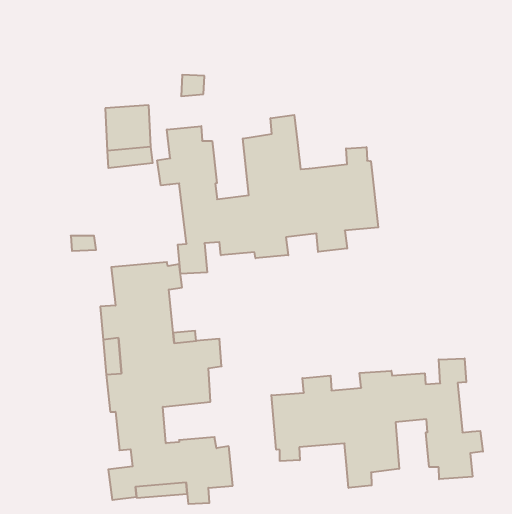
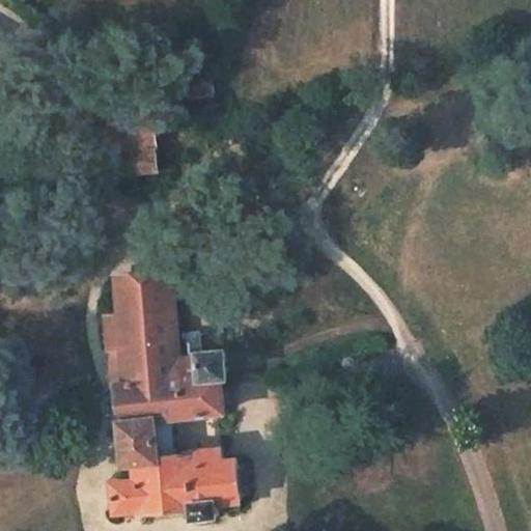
building: [157,115,378,274] -> none
building: [271,358,483,488] -> none

